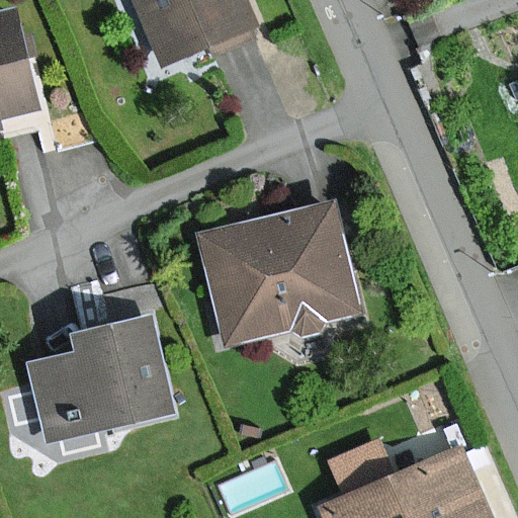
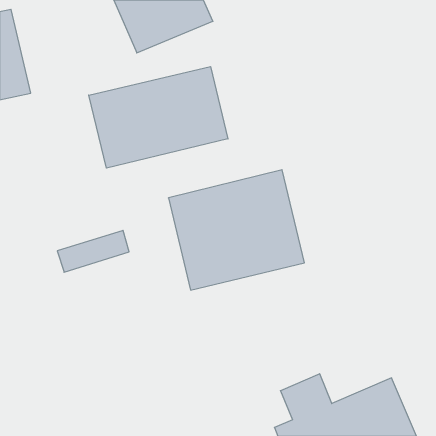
building: none -> [89,67,228,168]
building: [33,319,169,437] -> none

